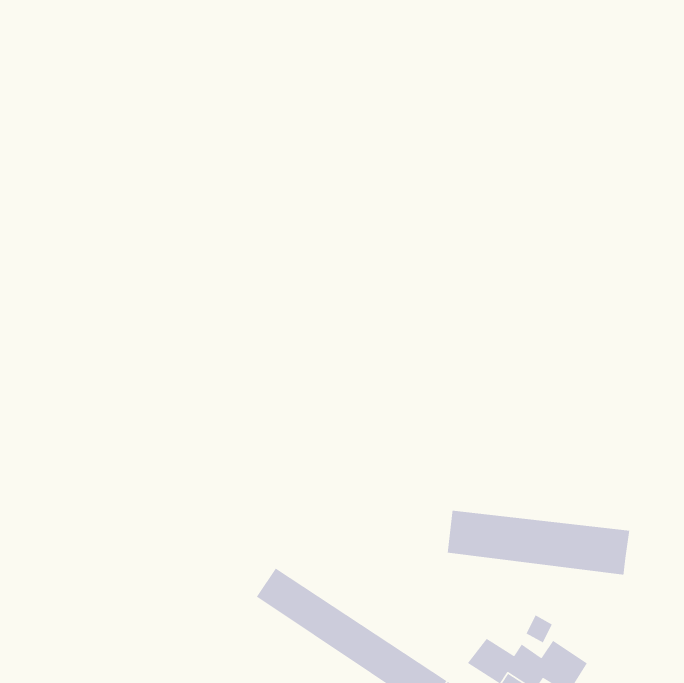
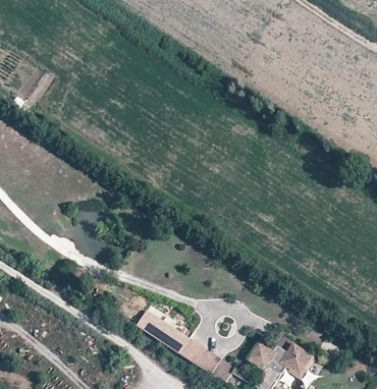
building: [447,510,630,575] -> none

